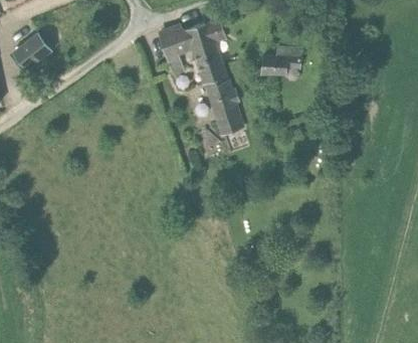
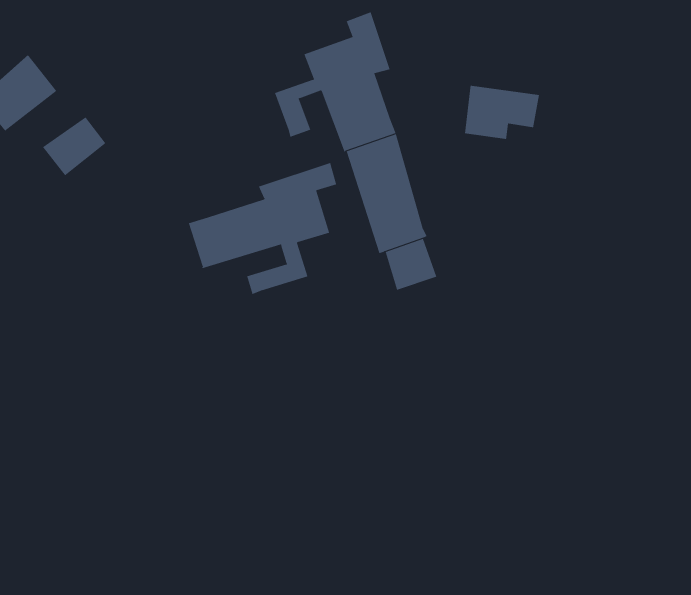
building: none -> [42,116,106,176]
building: none -> [188,162,337,295]

